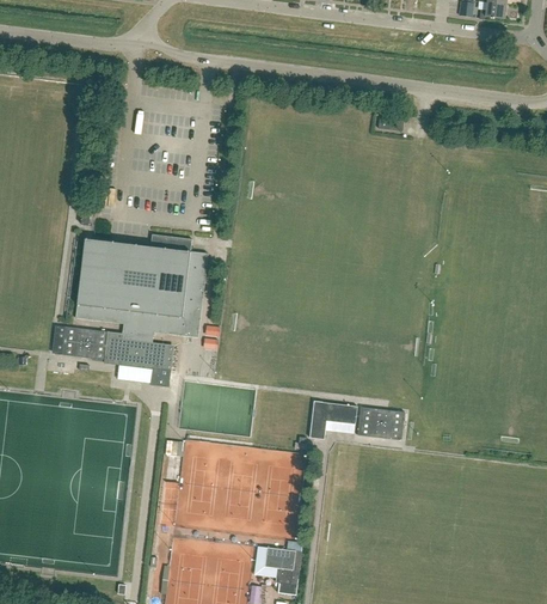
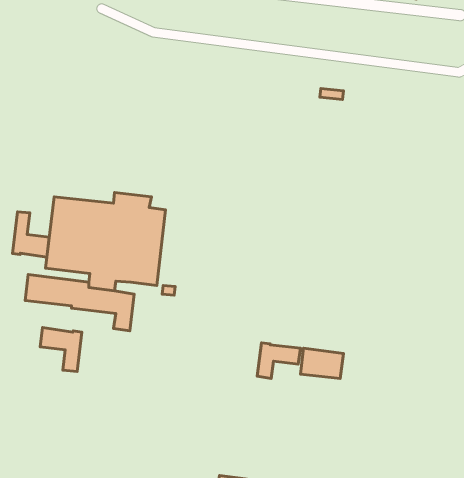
building: none -> [12,212,49,257]
building: none -> [40,328,82,372]

